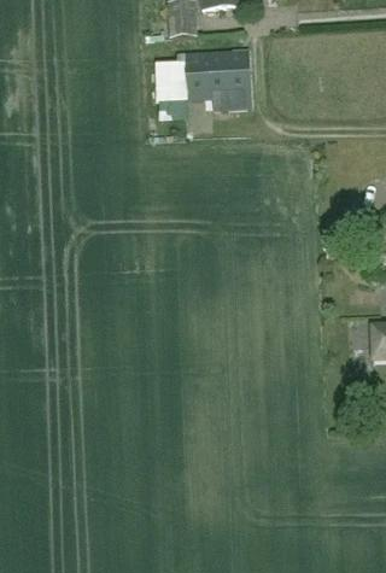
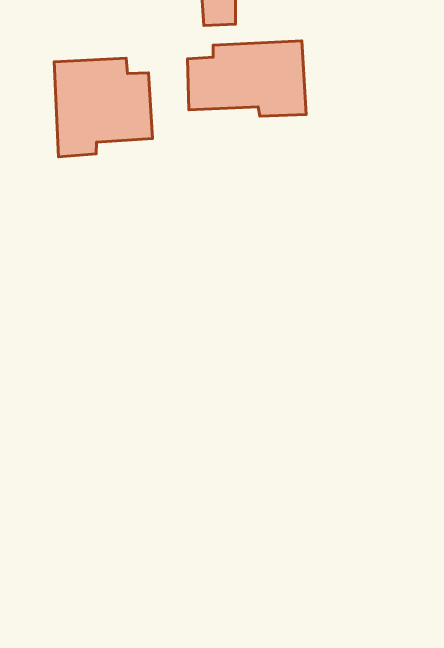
building: none -> [54,58,153,157]

